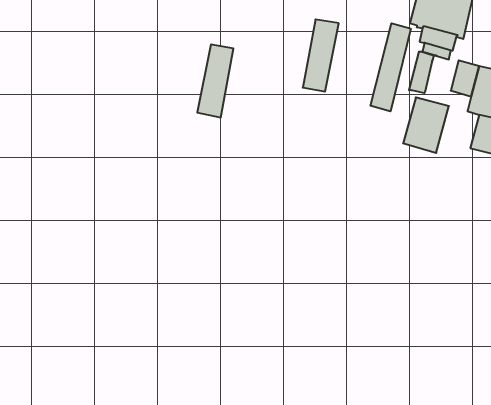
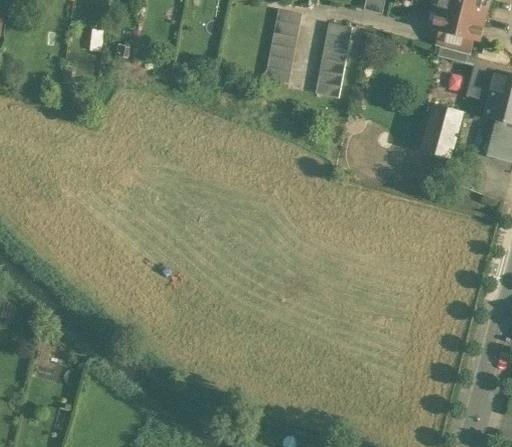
building: [370,23,411,111] -> none
building: [197,44,233,118] -> [265,9,302,84]
building: [409,52,434,93] -> none

